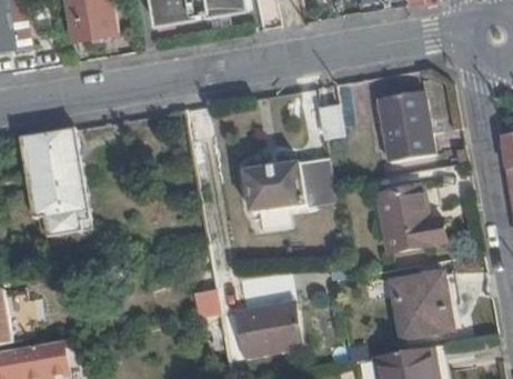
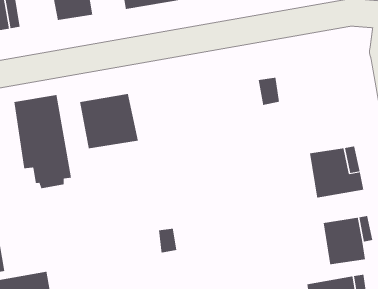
building: [379,91,436,161] -> none
building: none -> [80,93,138,149]
building: [244,158,333,215] -> none
building: [238,303,302,356] -> none

